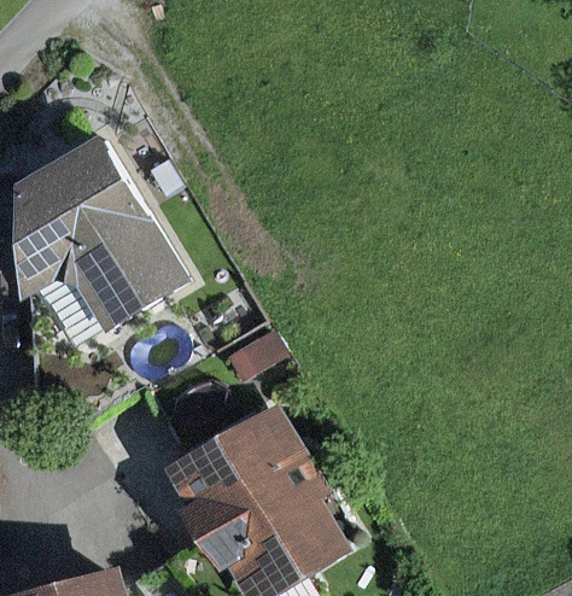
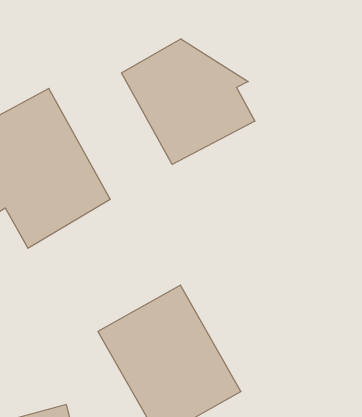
building: none -> [121,39,255,164]

